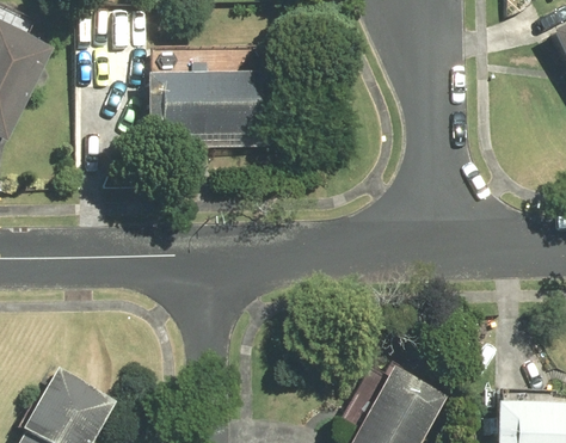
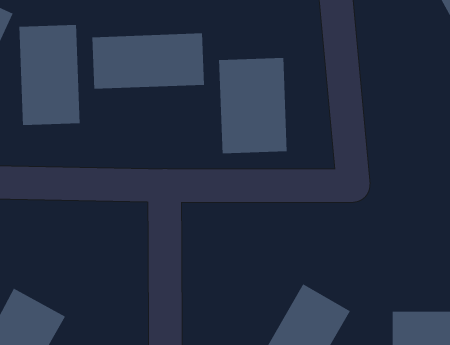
building: none -> [19,24,80,126]
building: none -> [219,57,287,154]

